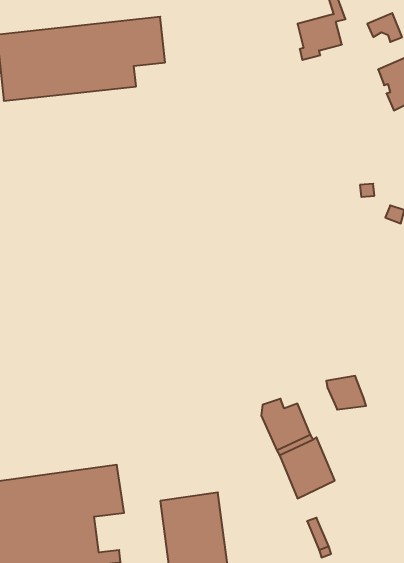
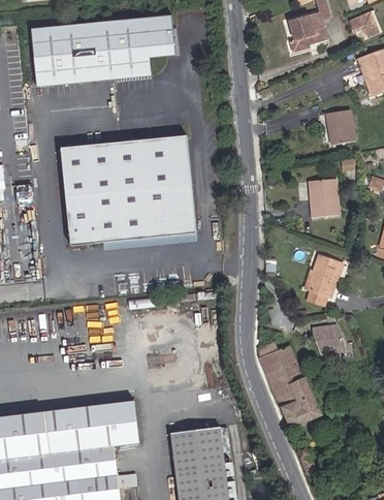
building: none -> [325,110,354,145]
building: none -> [60,135,196,247]
building: none -> [310,179,338,217]
building: none -> [306,255,342,305]

